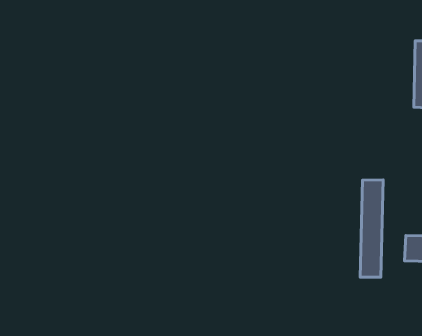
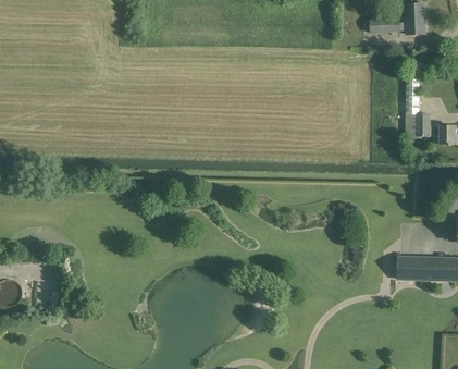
building: [360,180,383,277] -> none

